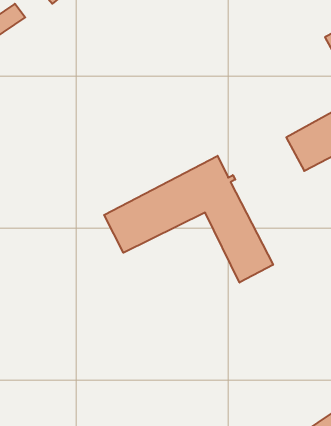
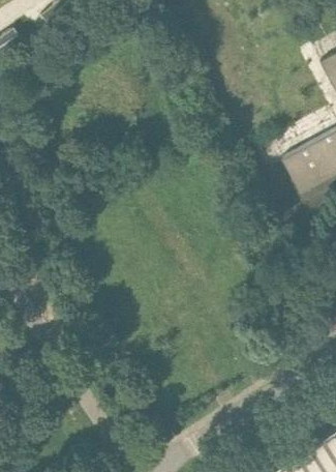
building: [104,156,273,283] -> none

